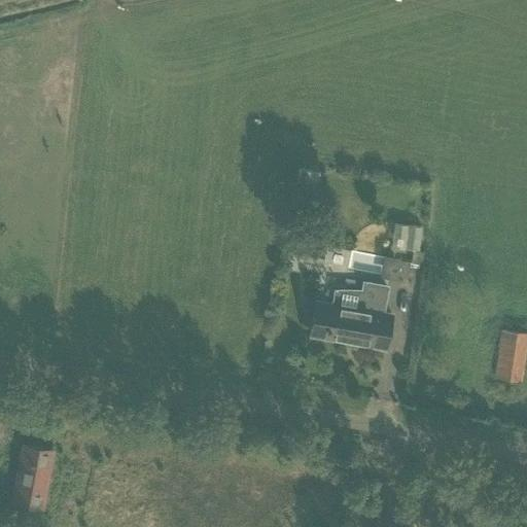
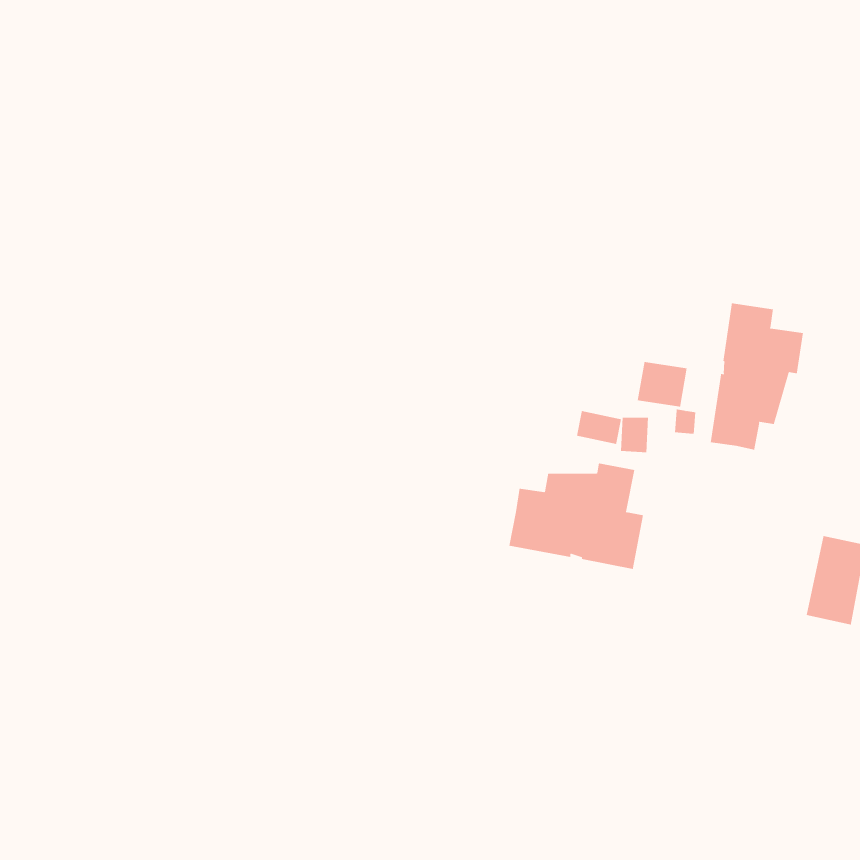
building: none -> [710,302,804,450]
building: [14,446,54,512] -> none

